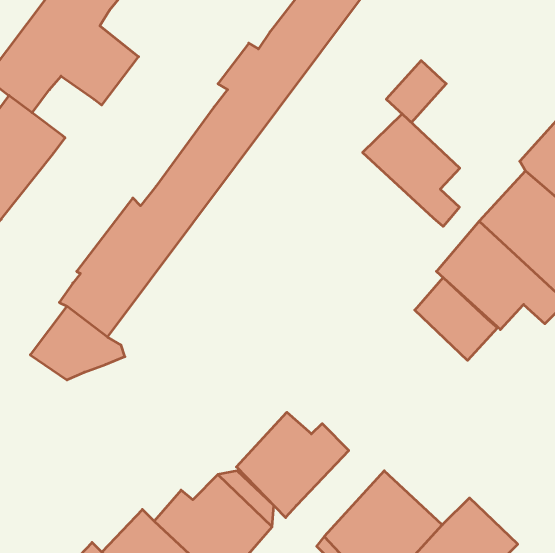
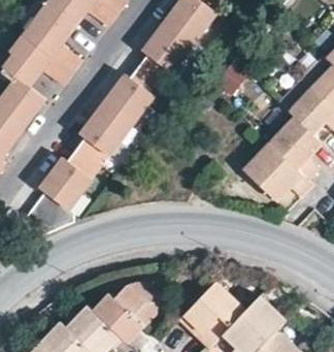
building: [363,114,460,226] -> none
building: [415,277,497,360] -> none
building: [236,412,349,518] -> none

